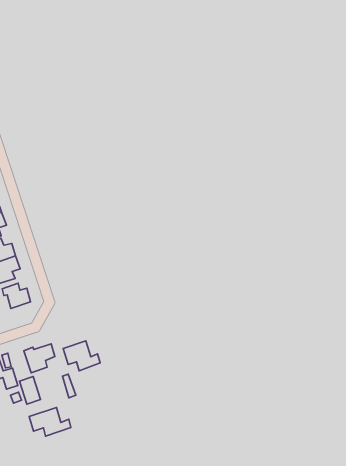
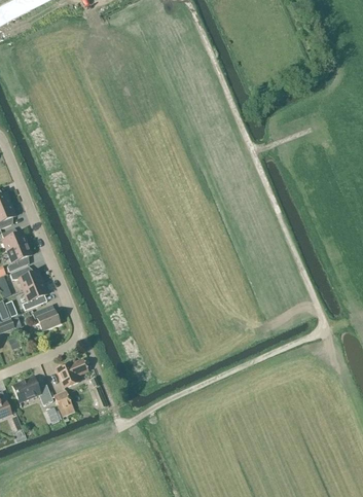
building: [63,341,100,371] -> none
building: [29,408,71,436] -> none

